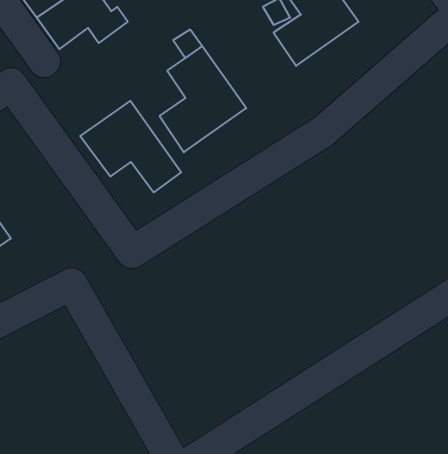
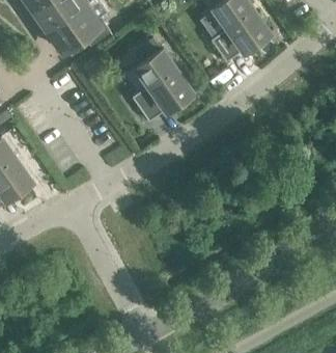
building: [80,101,181,192] -> none

